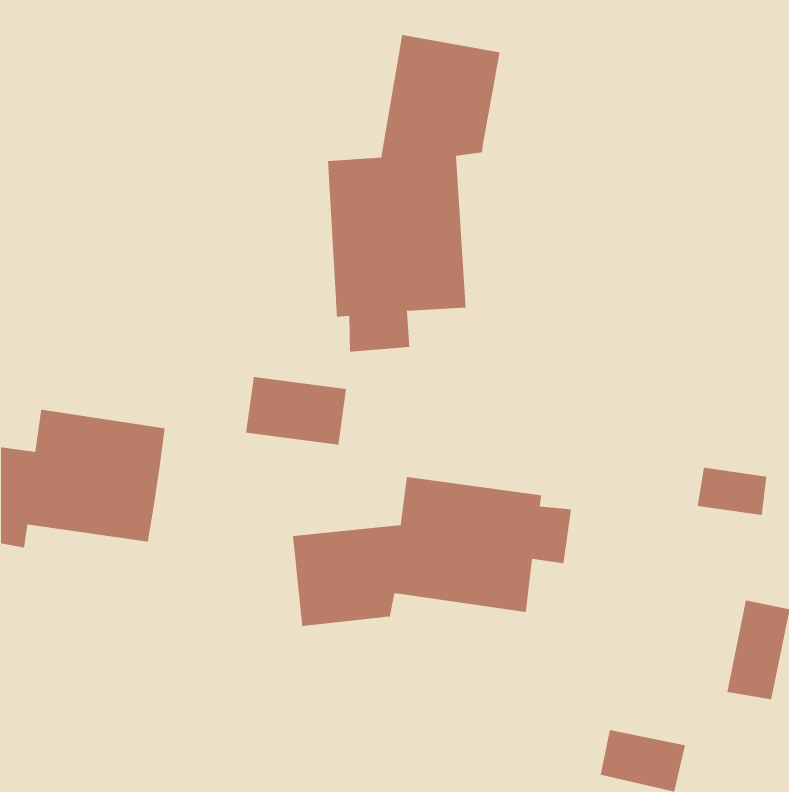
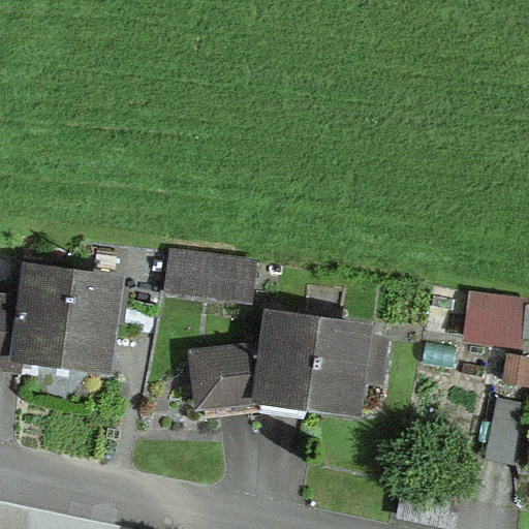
building: [327,34,500,352] -> none

